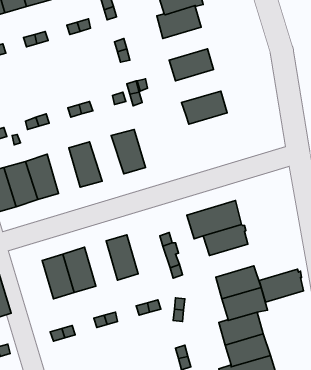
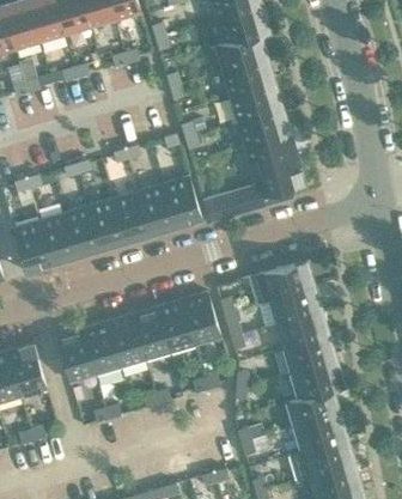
building: none -> [223,60,274,98]
building: none -> [237,109,290,147]
building: none -> [203,159,304,224]
building: none -> [138,185,177,238]
building: none -> [89,200,127,252]
building: none -> [181,293,220,346]
building: none -> [132,308,170,360]
building: none -> [55,330,96,383]
building: [259,269,304,302] -> [276,311,328,349]

